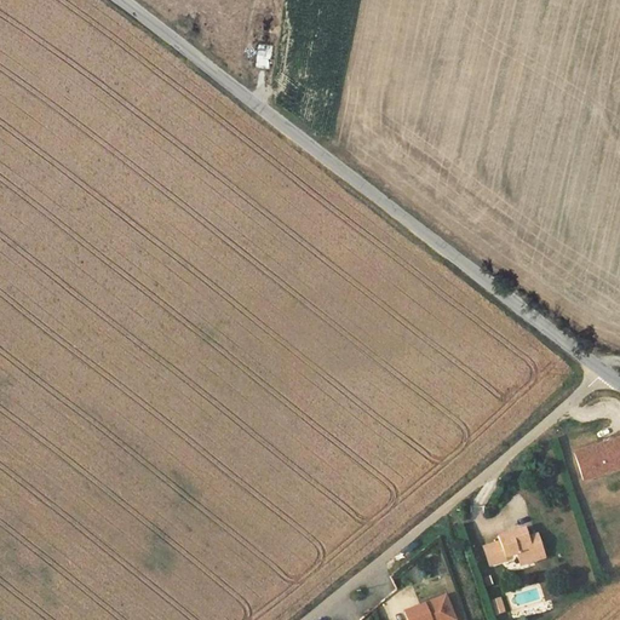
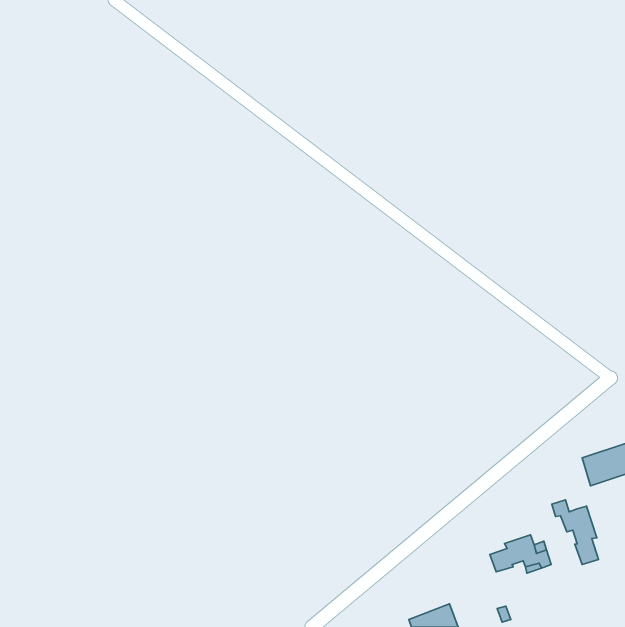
building: none -> [552,500,599,565]

